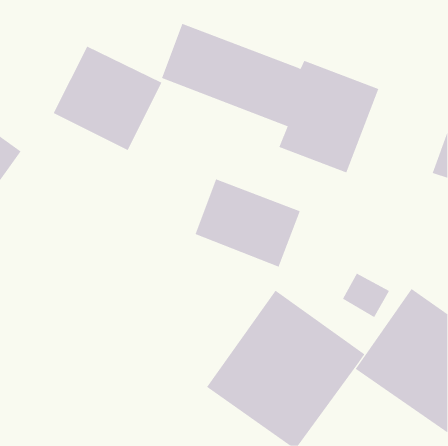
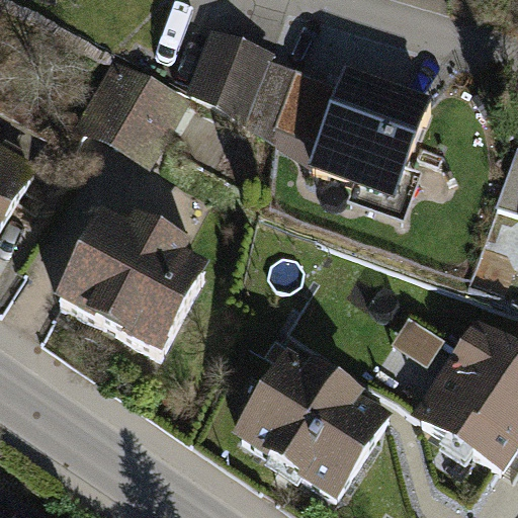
building: [195,179,300,267] -> none
building: none -> [57,208,213,355]

